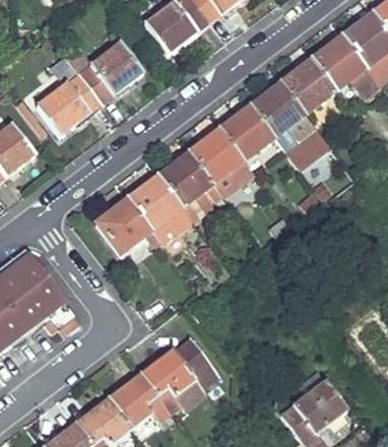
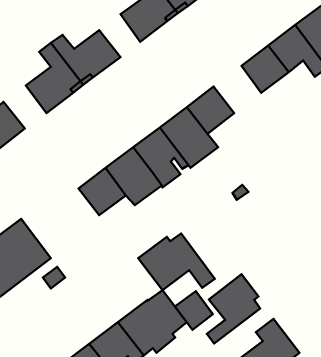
building: [249,83,329,172] -> none
building: none -> [138,233,215,290]
building: none -> [207,274,260,343]
building: none -> [175,291,213,330]

